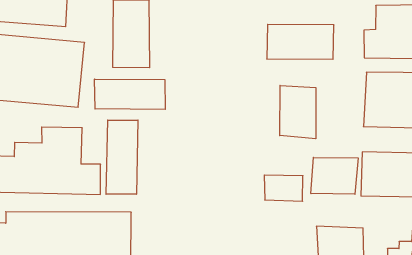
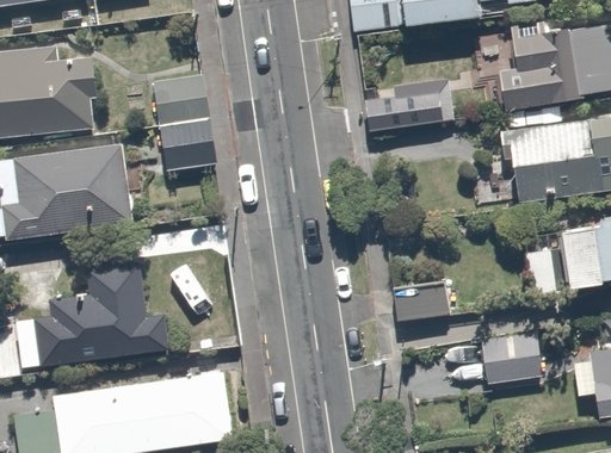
building: [95,79,165,109] -> none
building: [280,85,316,139] -> none
building: [106,120,138,194] -> none
building: [311,157,358,194] -> none

